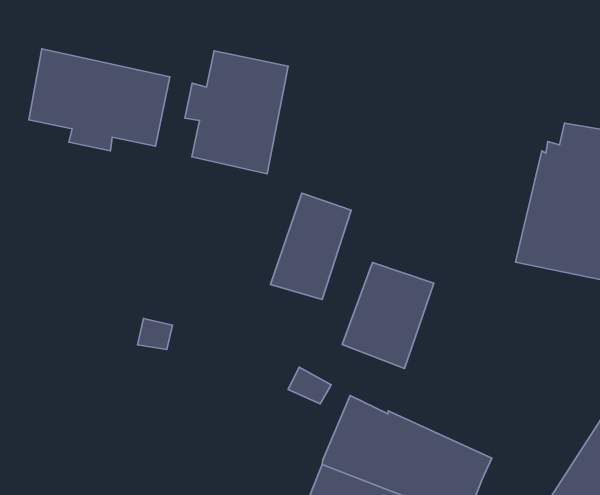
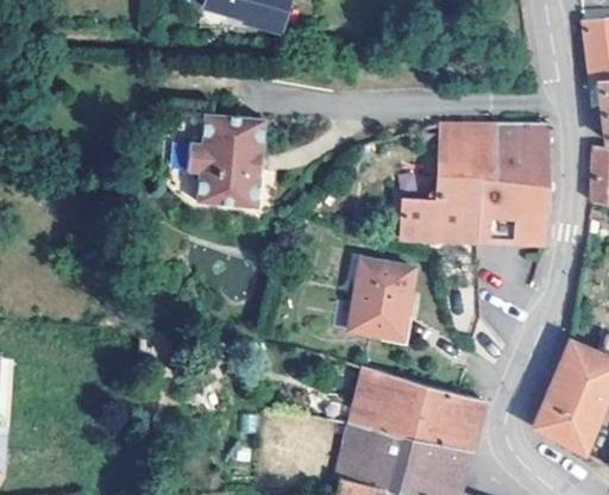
building: [29,49,170,151] -> none
building: none -> [402,121,495,240]
building: [271,193,351,299] -> none

